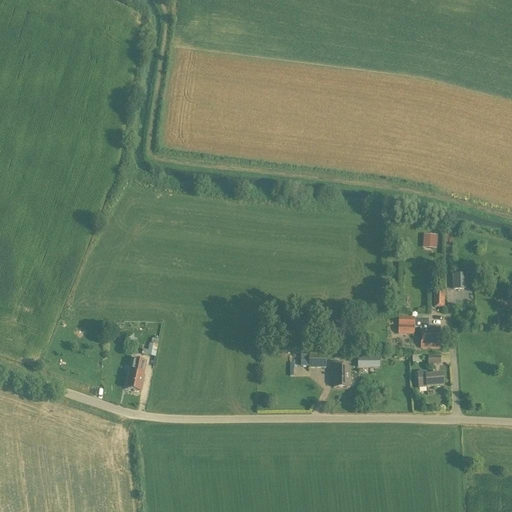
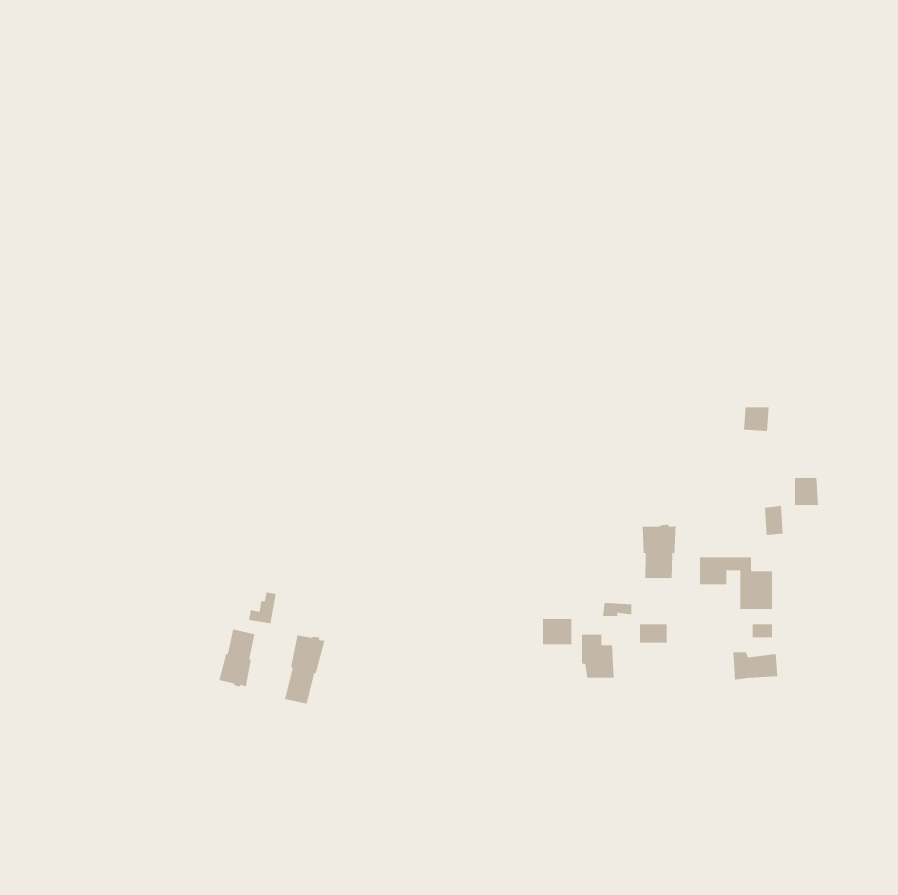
building: none -> [642,524,676,579]
building: none -> [285,634,325,705]

